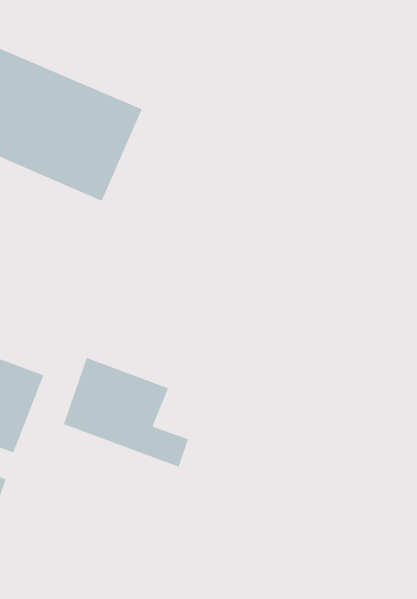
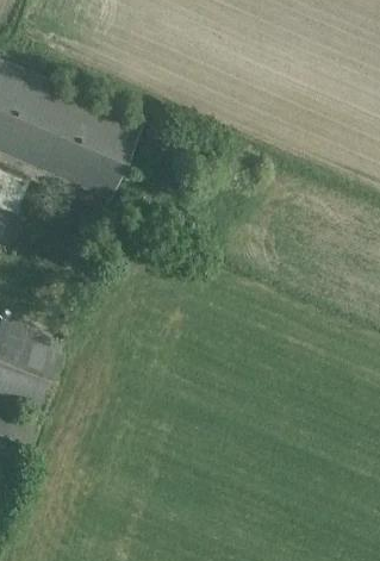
building: [63,357,189,467] -> none

